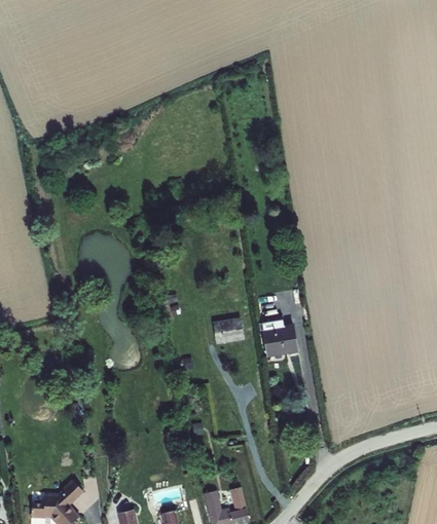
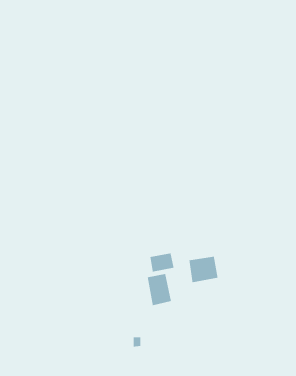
building: none -> [147,273,172,306]

